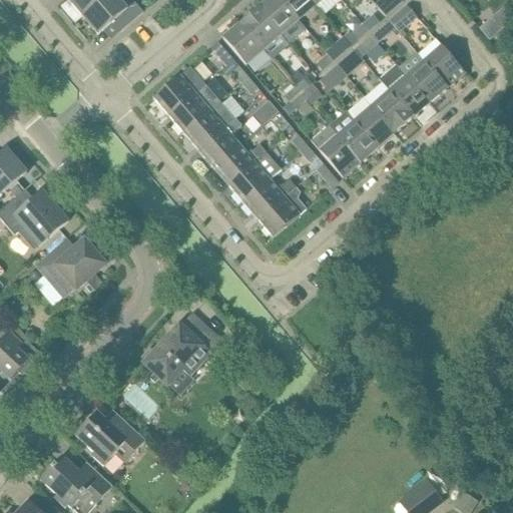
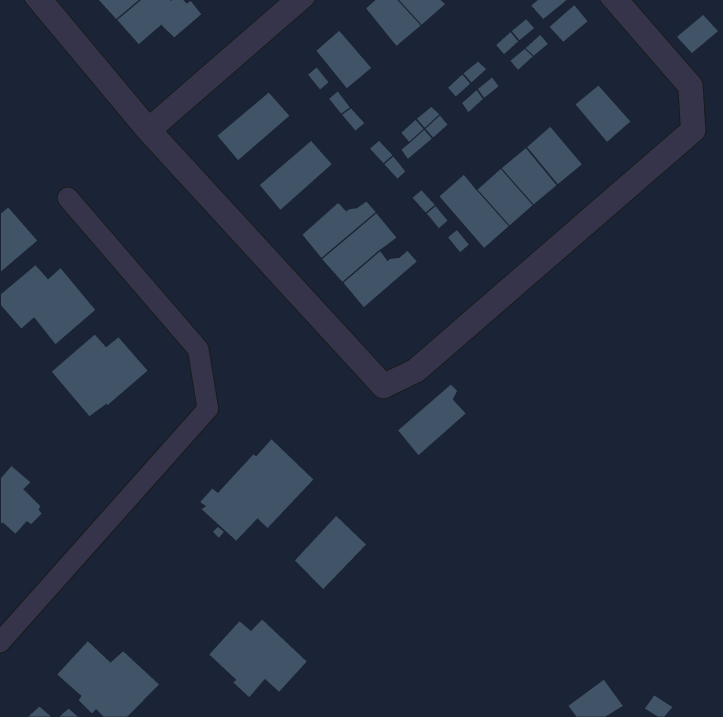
building: [240,6,281,48] -> none
building: [424,44,465,86] -> none
building: [380,62,430,116] -> none
building: [168,82,220,131] -> none
building: [198,116,242,166] -> none
building: [258,185,307,236] -> [397,384,466,456]
building: none -> [294,515,367,590]
building: [75,409,145,465] -> [209,619,308,698]

